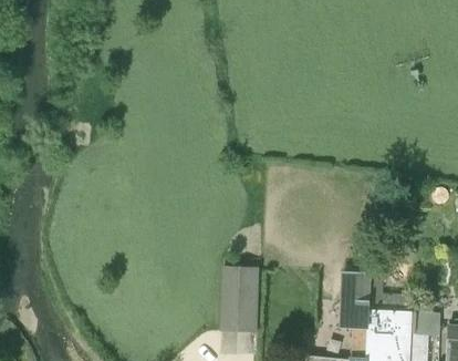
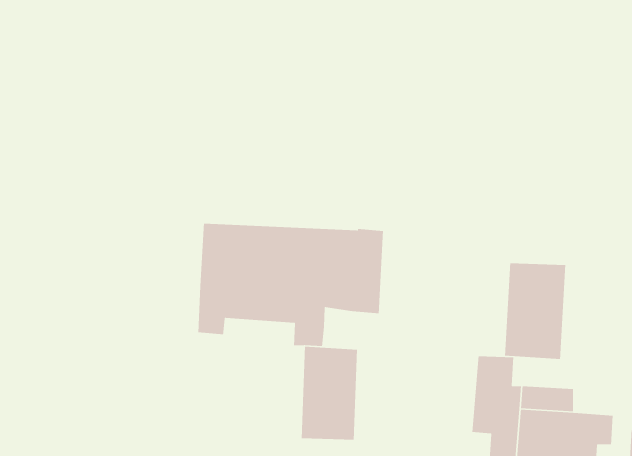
building: none -> [197,223,384,347]
building: none -> [504,263,566,360]

